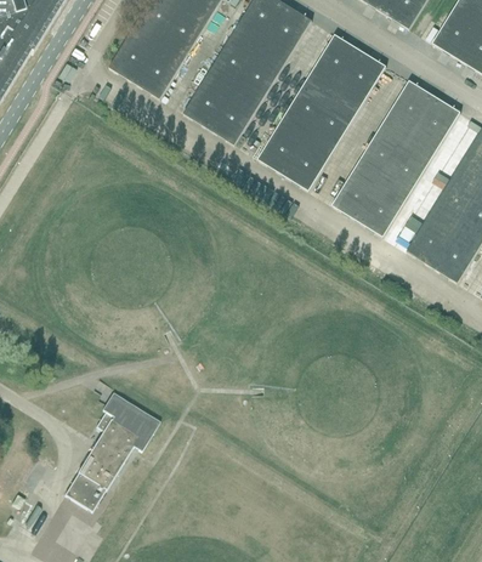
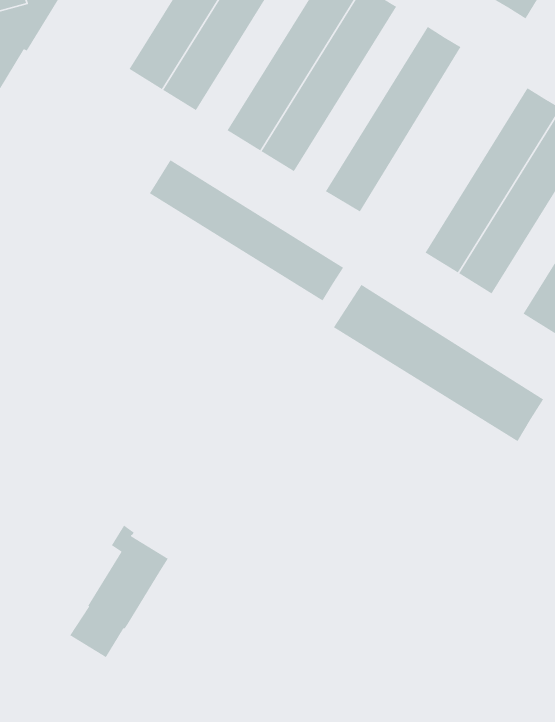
building: [284,49,386,189] -> none
building: none -> [149,159,344,302]
building: none -> [333,284,544,442]
building: [102,391,160,449] -> none

